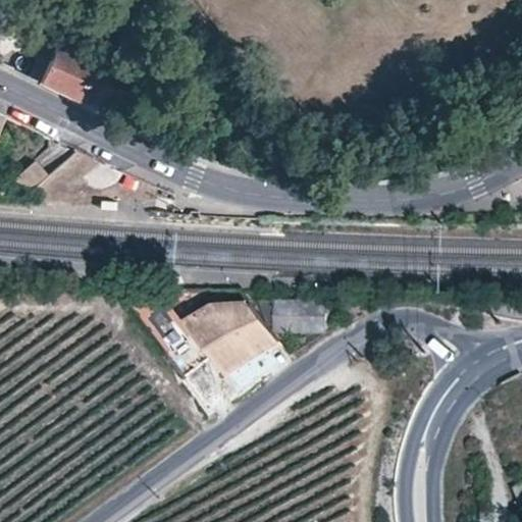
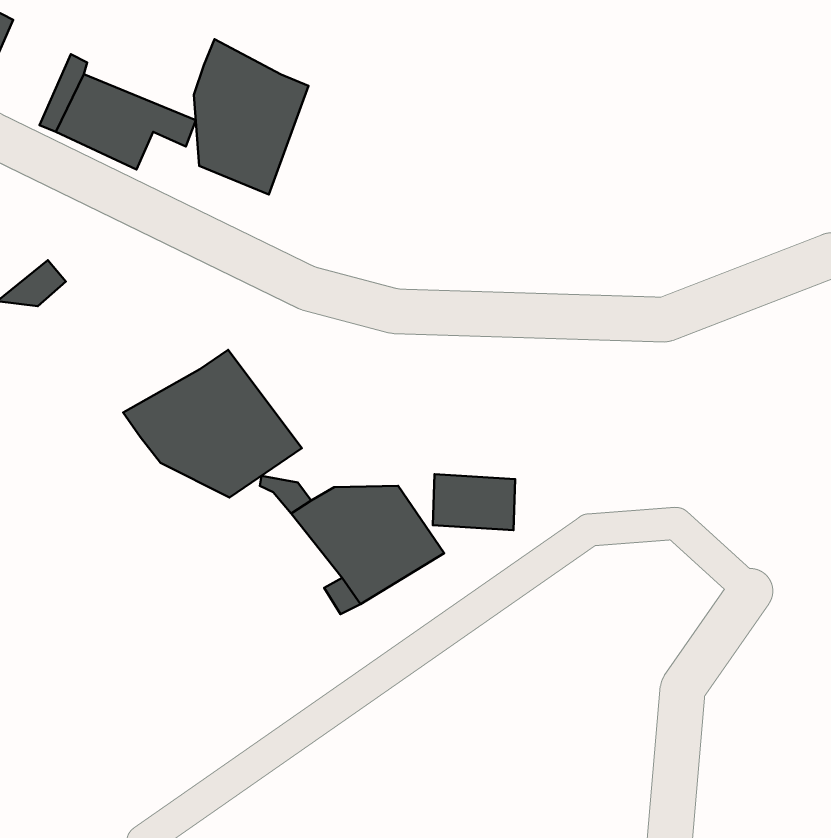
building: none -> [194,39,308,195]
building: none -> [123,350,302,497]

